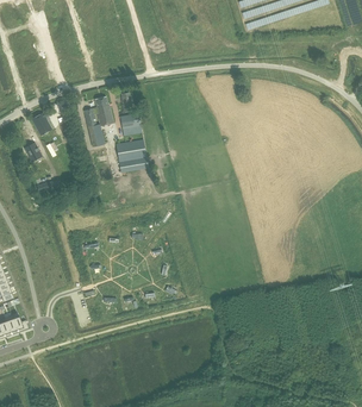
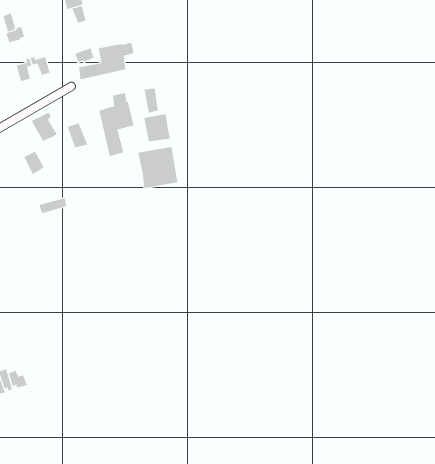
building: none -> [78,42,134,80]

